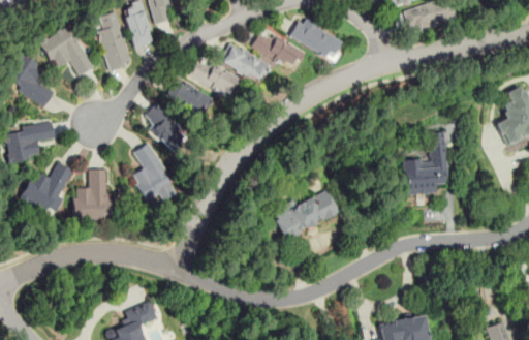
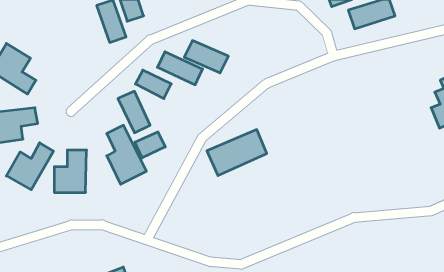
building: [95,11,132,70] -> none
building: [290,19,343,60] -> none
building: [39,23,95,76] -> none
building: [252,31,302,69] -> none
building: [405,131,448,195] -> none
building: none -> [135,132,165,158]
building: [273,187,340,239] -> [207,130,267,176]

